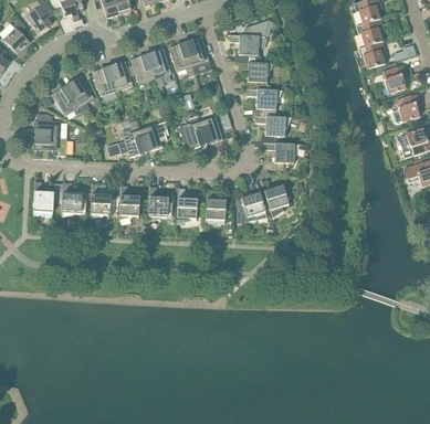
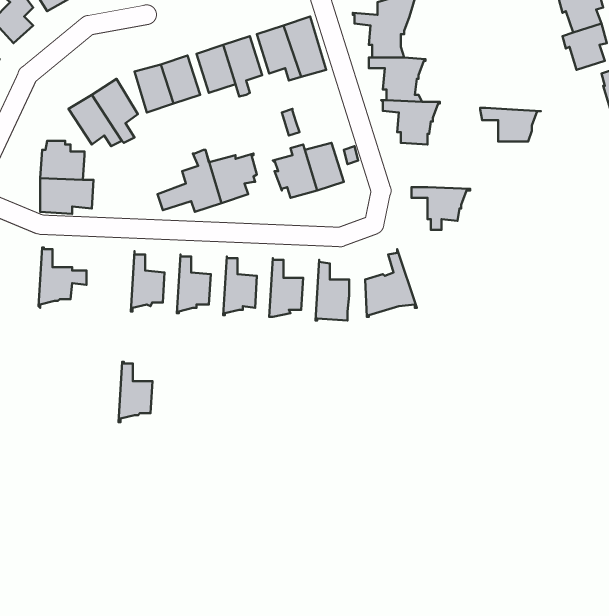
building: [254,114,292,135] -> [480,108,541,142]
building: [260,178,289,216] -> none
building: [61,180,82,218] -> [119,362,152,422]

